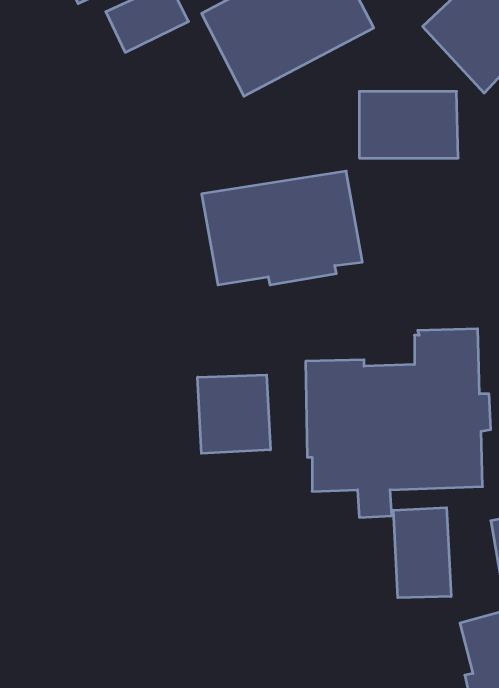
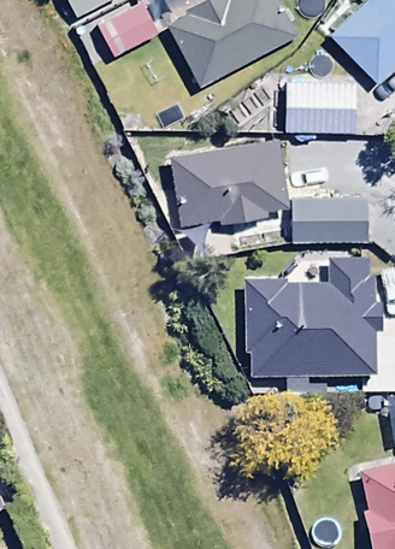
building: none -> [293,196,369,241]
building: [198,375,270,453] -> none
building: [393,508,451,598] -> none

